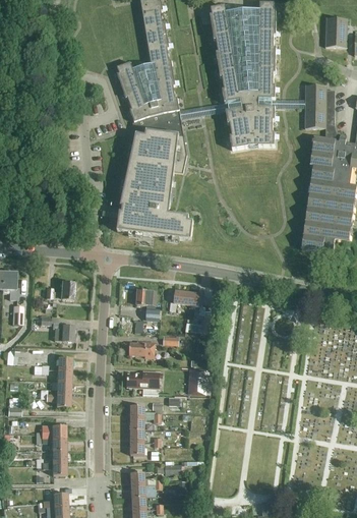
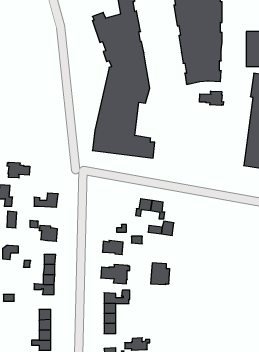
building: none -> [200,91,224,105]
building: none -> [7,162,30,178]
building: [135,289,158,315] -> none

